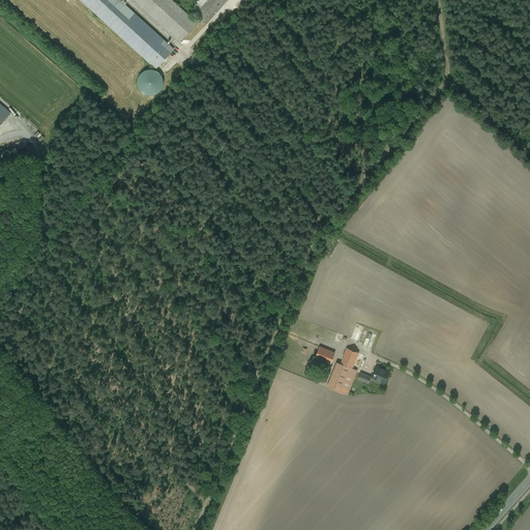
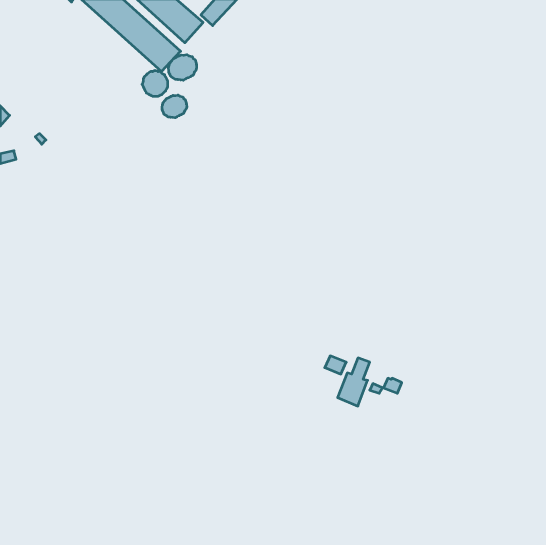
building: none -> [168,55,197,80]
building: none -> [162,95,187,118]

